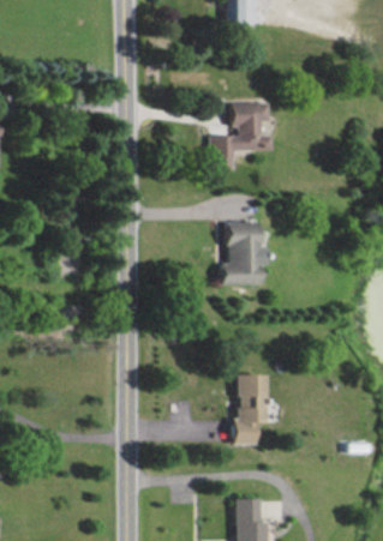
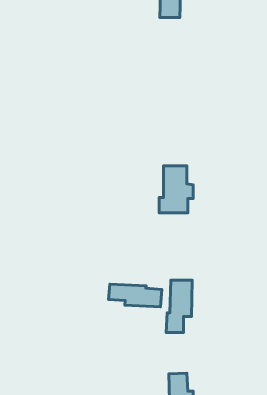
building: [209,103,271,170] -> none
building: none -> [109,284,162,307]

